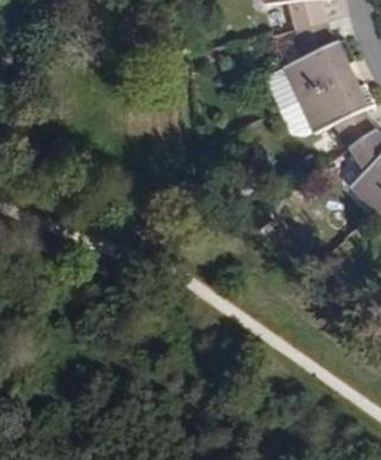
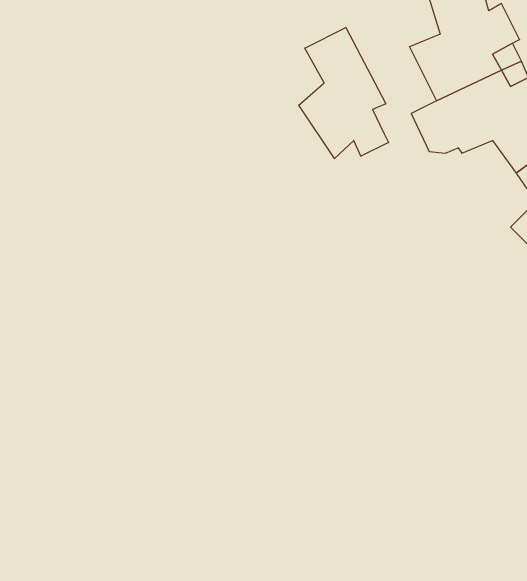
building: none -> [299,27,389,159]

